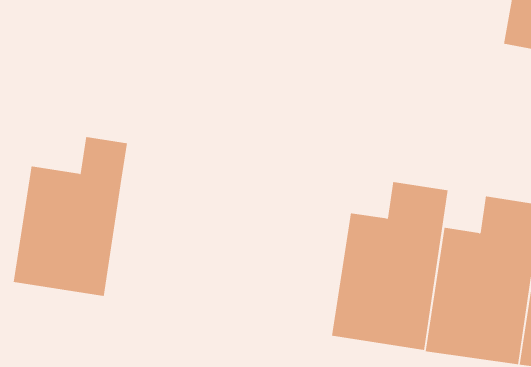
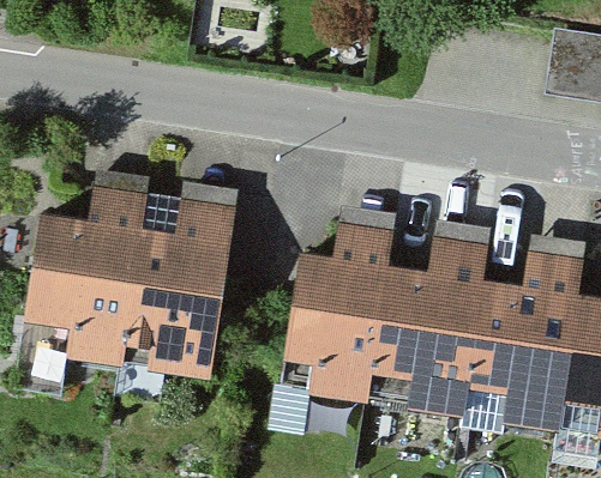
building: none -> [120,196,247,373]
building: none -> [275,219,390,400]

